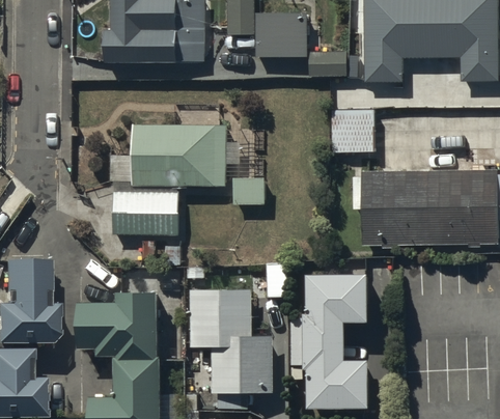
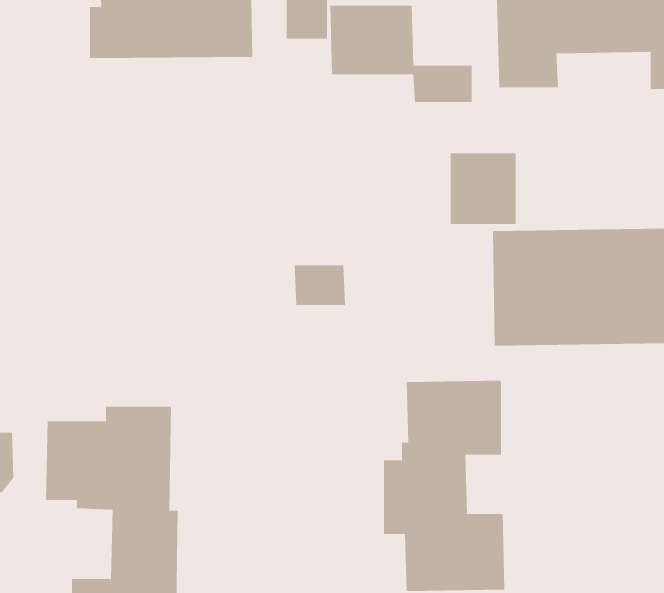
building: [113,125,226,238] -> none
building: [189,287,272,393] -> none

